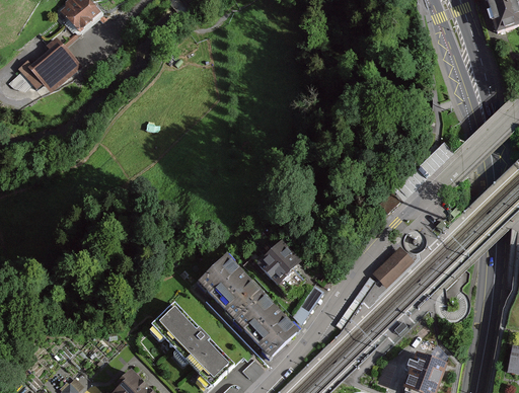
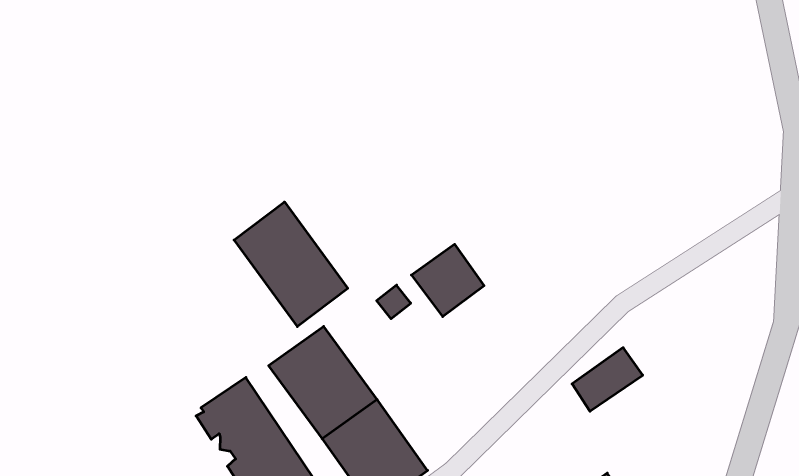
building: none -> [234,202,348,327]
building: [254,244,298,288] -> [411,244,484,317]

